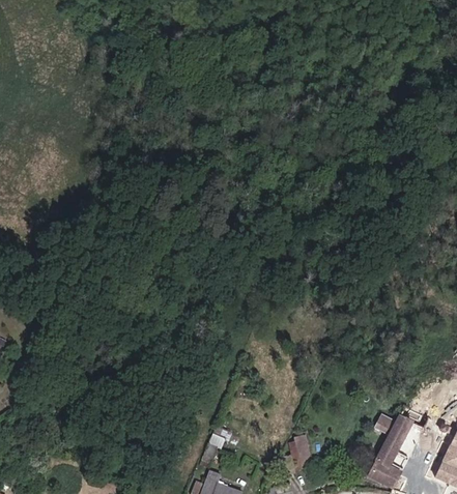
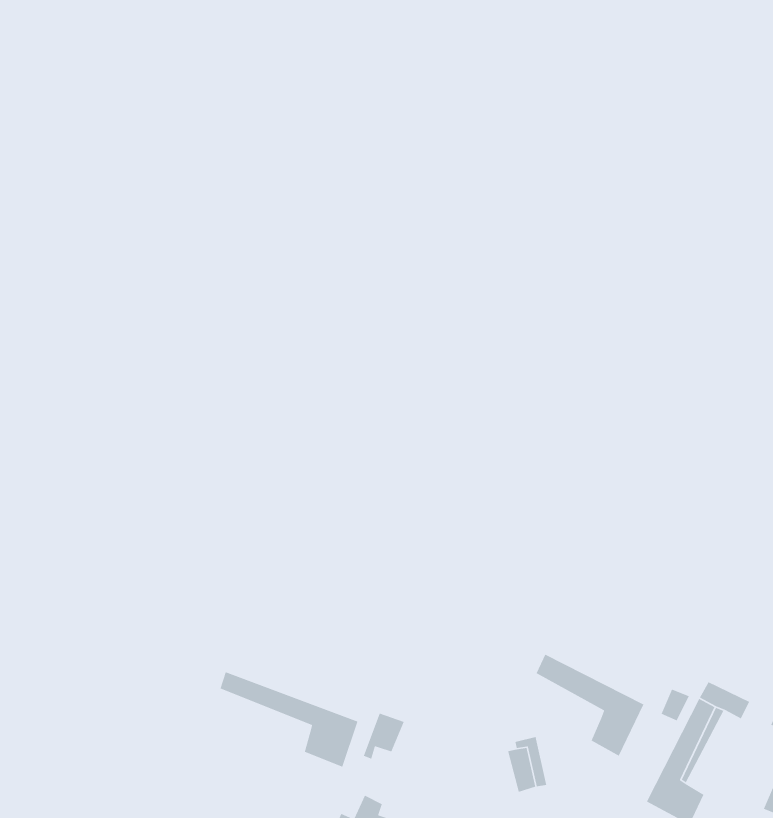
building: none -> [536,653,644,757]
building: none -> [219,671,359,768]

